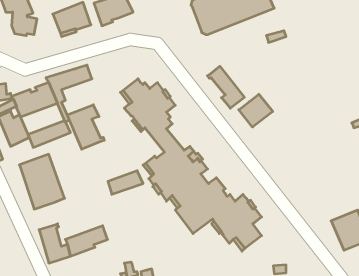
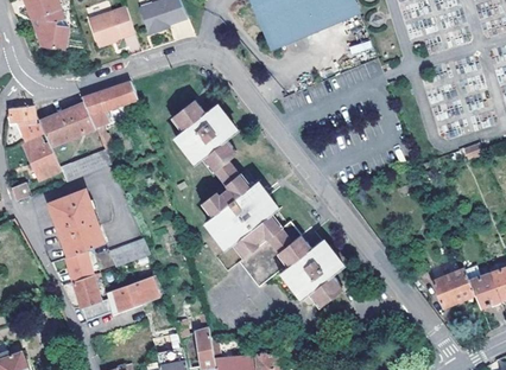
building: [207,66,244,108] -> none
building: [239,94,273,127] -> none
building: [67,105,104,149] -> none
building: [108,171,143,194] -> [107,240,150,268]
building: none -> [65,250,93,281]

